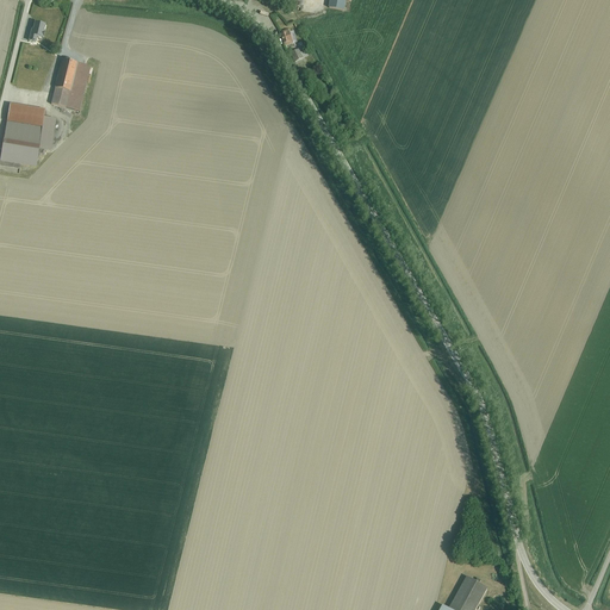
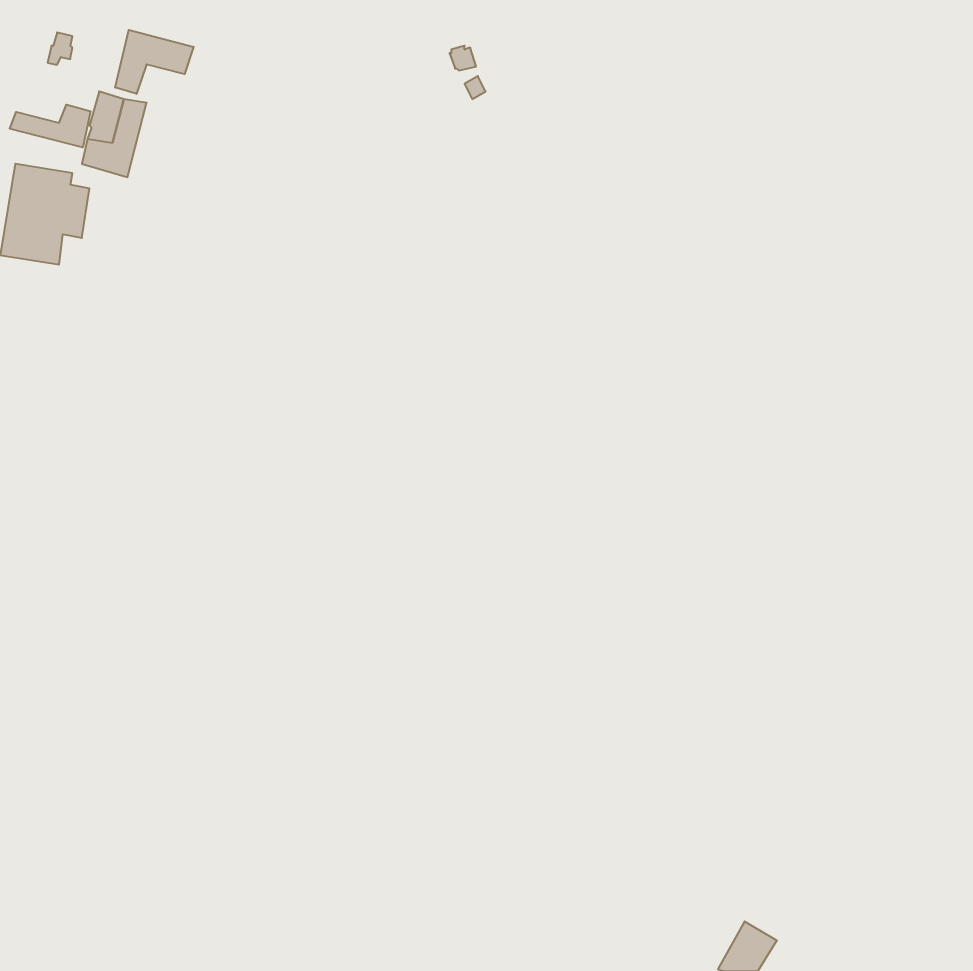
building: none -> [115,30,194,94]
building: none -> [10,105,90,147]

